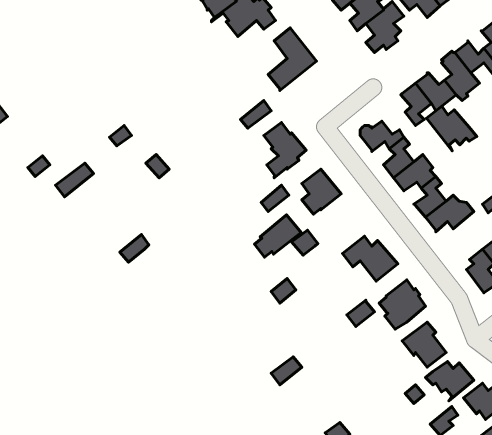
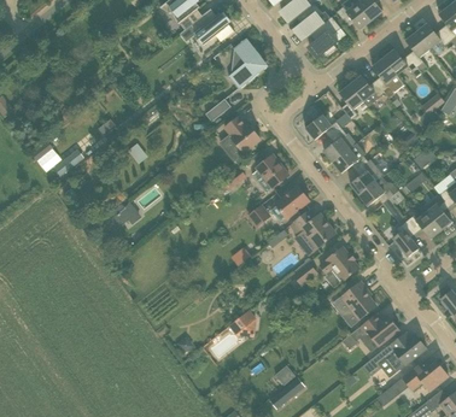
building: [426,106,477,151] -> none
building: [254,215,301,257] -> [270,186,309,221]

